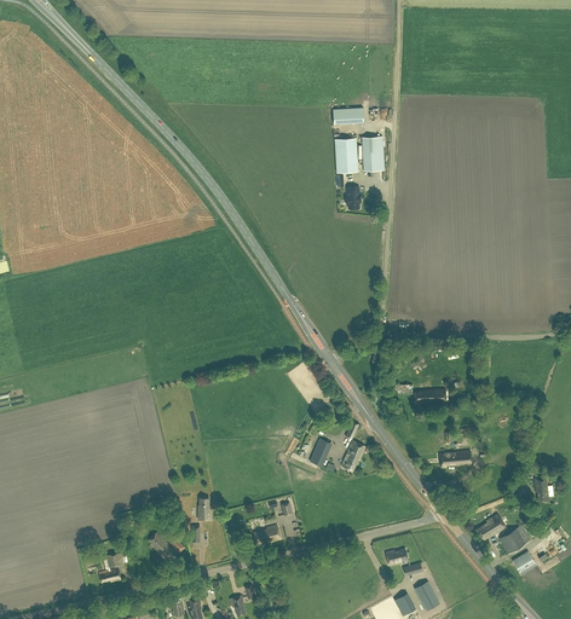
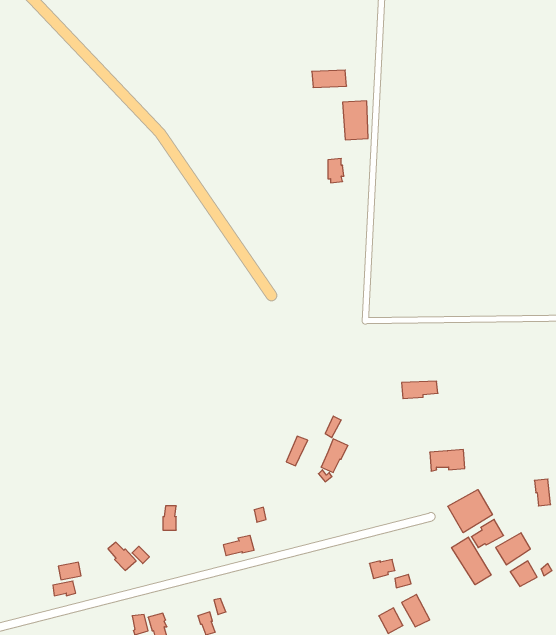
building: [334,138,358,174] -> none
building: none -> [448,490,492,533]
building: none -> [452,537,491,585]

